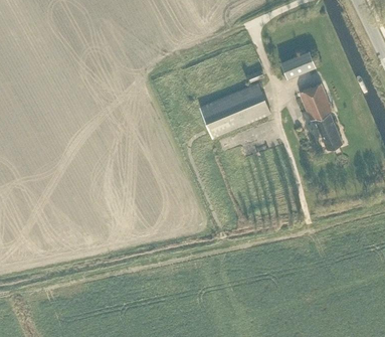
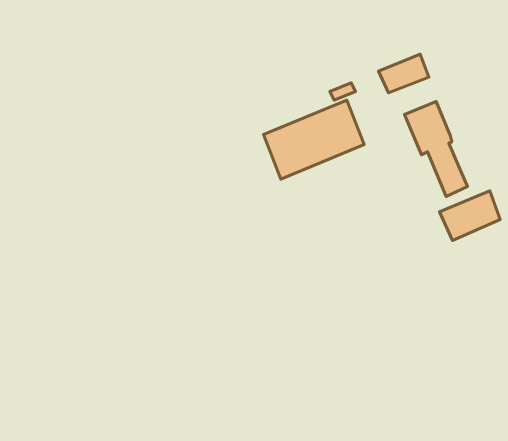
building: none -> [439,191,500,241]

